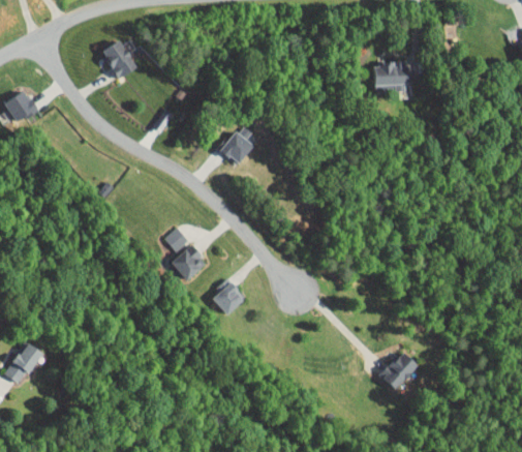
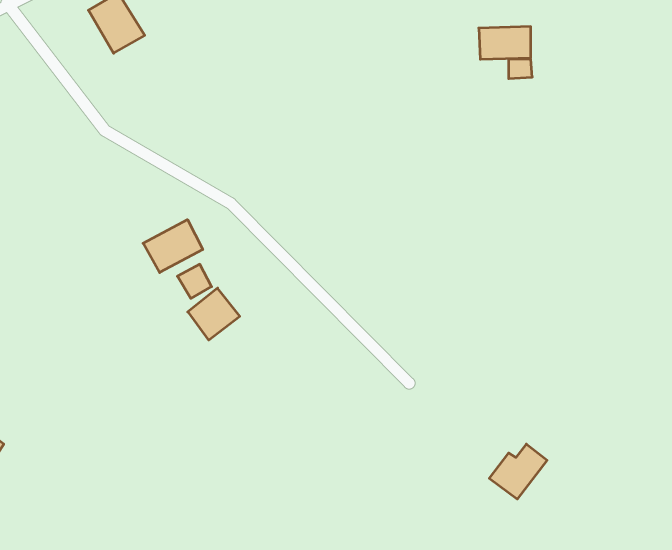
building: [221,125,255,165] -> none
building: none -> [143,220,203,273]
building: [211,277,244,315] -> none

